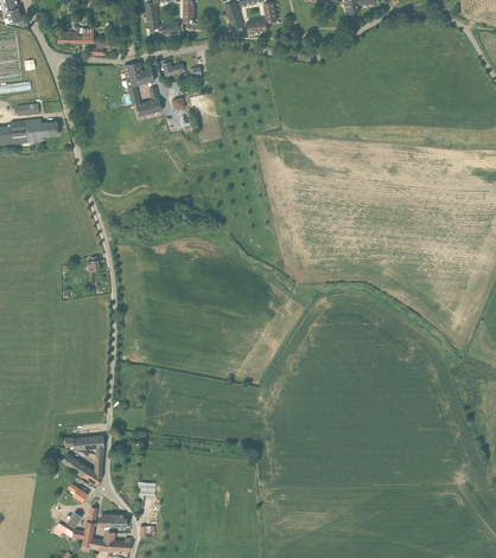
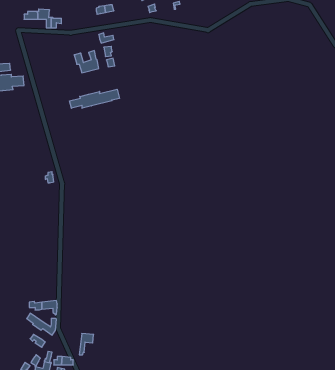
building: [123,63,154,91] -> none
building: none -> [70,89,119,108]

